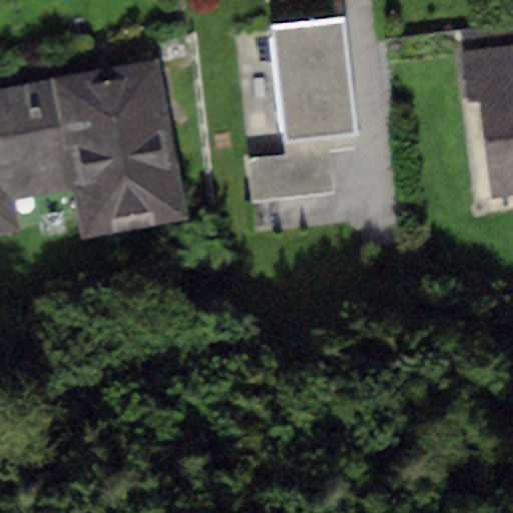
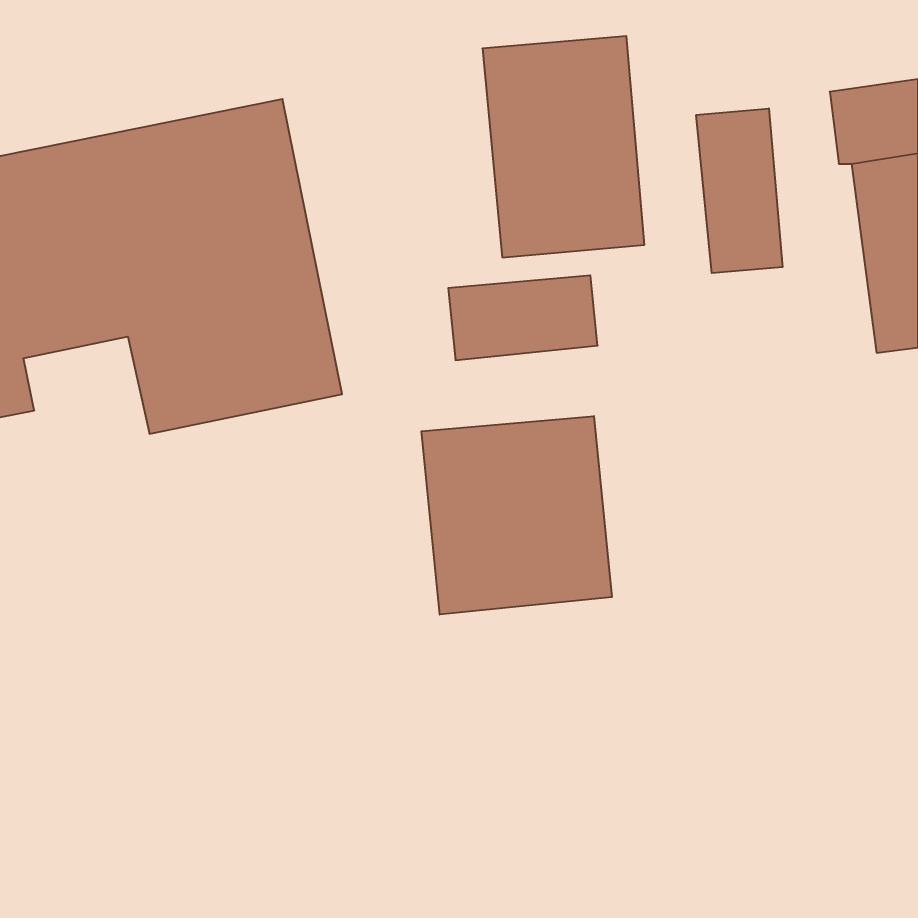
building: none -> [696,108,783,273]
building: none -> [421,416,612,615]

